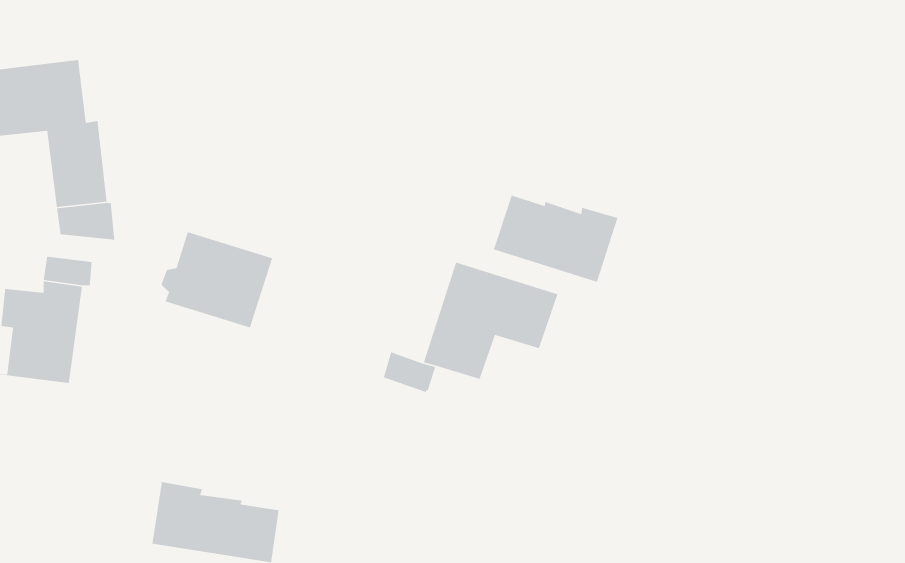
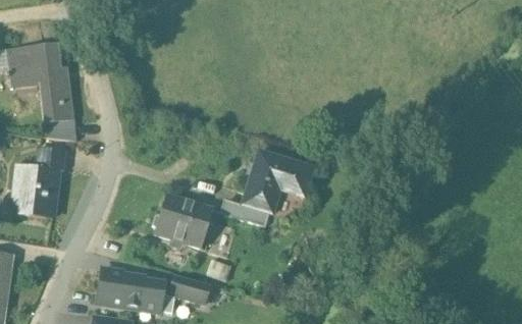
building: [493,195,619,283] -> none
building: [161,231,273,329] -> [152,196,212,248]
building: none -> [169,274,209,304]

